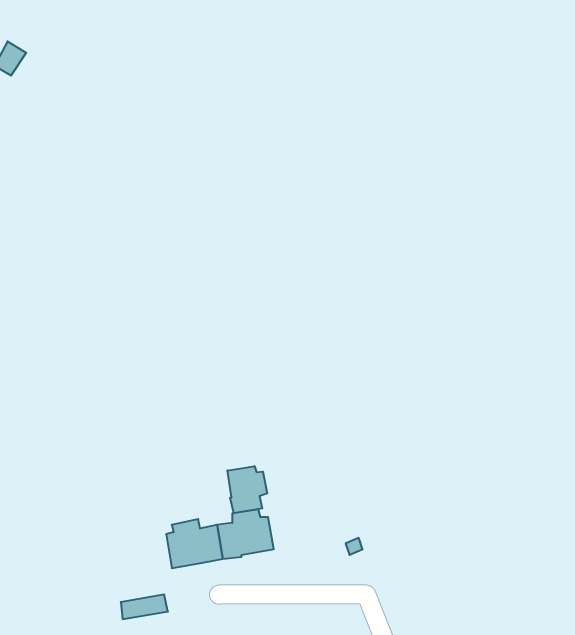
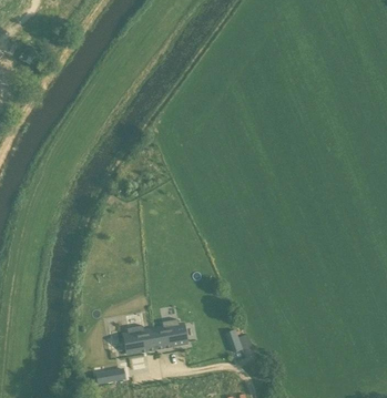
building: [227,466,267,513] -> none

